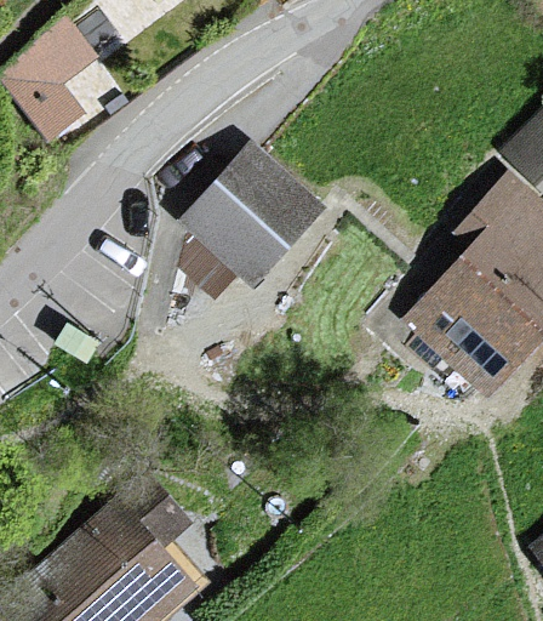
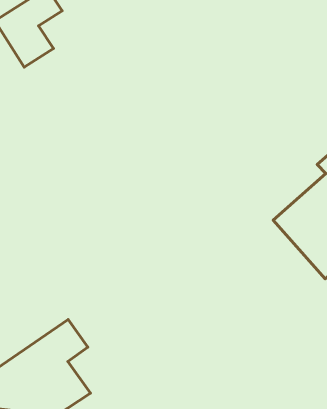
building: [183,148,320,284] -> none

